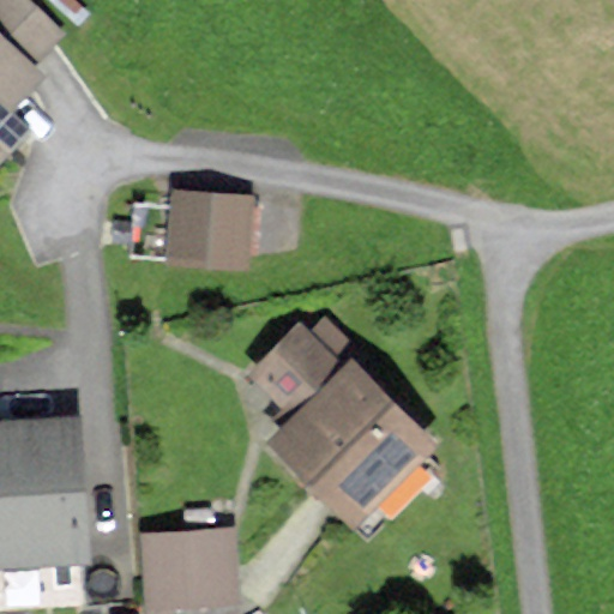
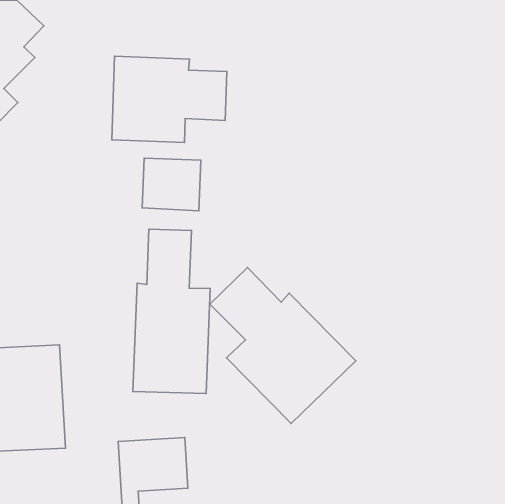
building: none -> [112,56,227,143]
building: none -> [133,229,210,394]

